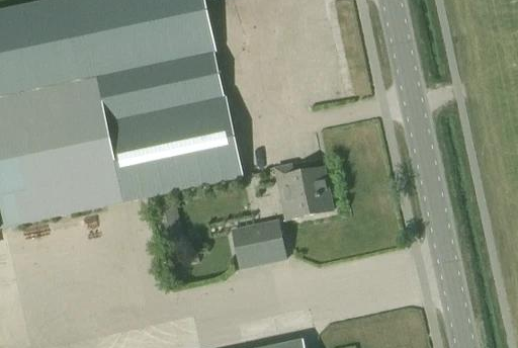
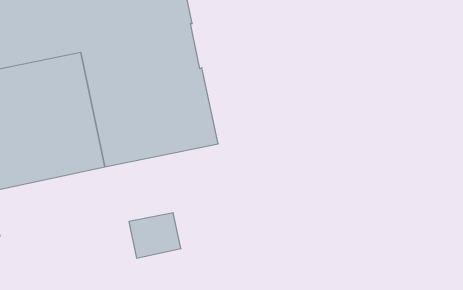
building: [274,164,331,219] -> none
building: [231,220,285,267] -> [129,213,181,258]

